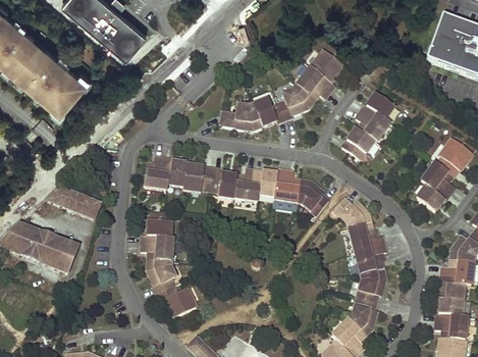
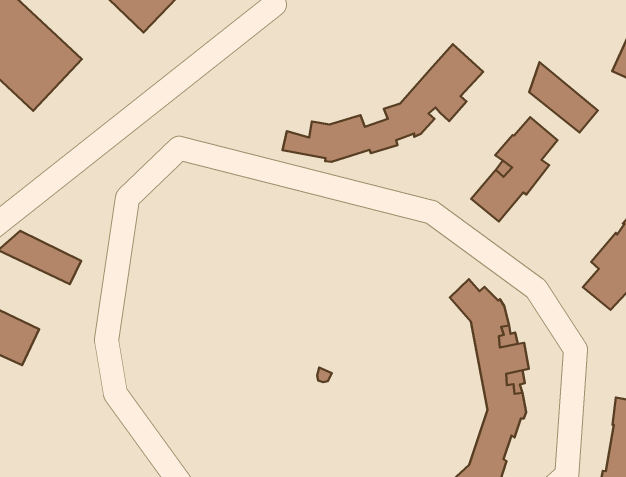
building: none -> [529,62,598,132]
building: [143,157,328,215] -> none
building: [141,212,196,318] -> none

